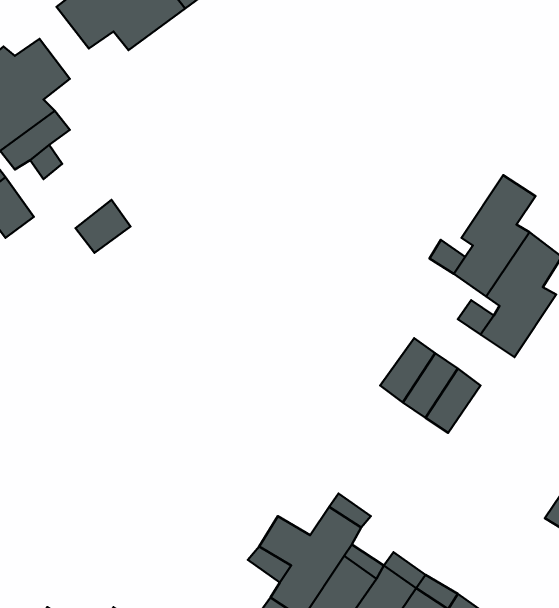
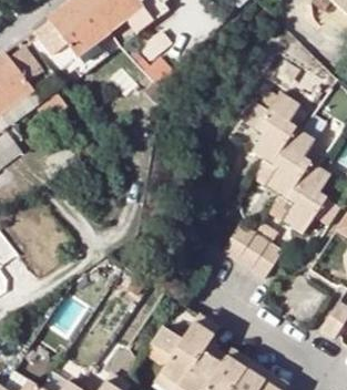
building: none -> [245,92,300,164]

